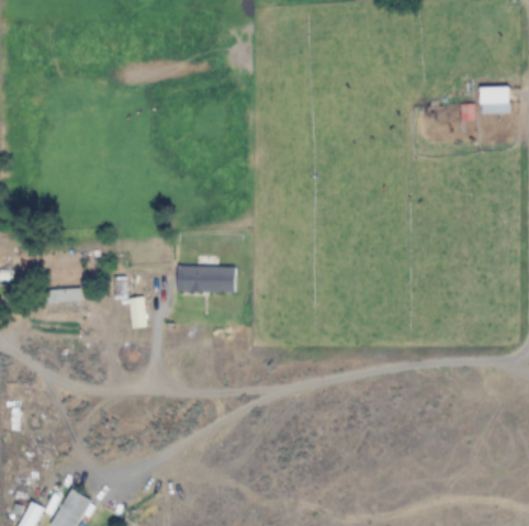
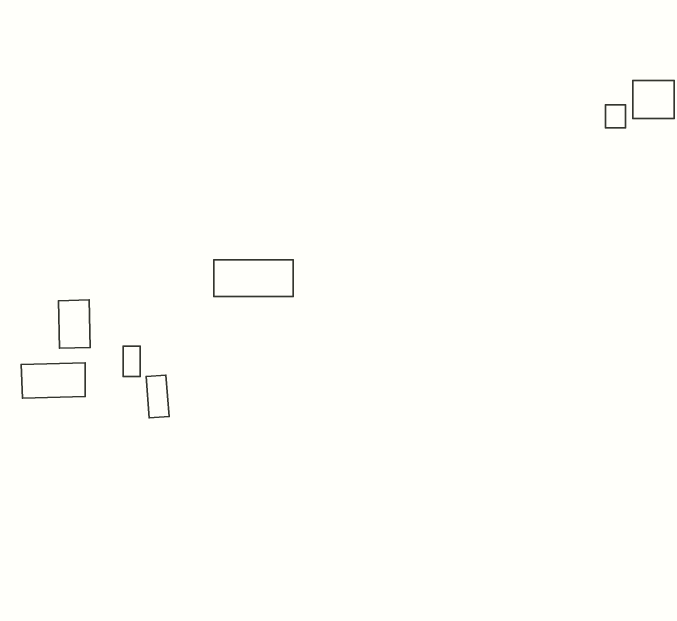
building: none -> [58,300,90,348]
building: [177,266,234,292] -> [214,260,293,296]

